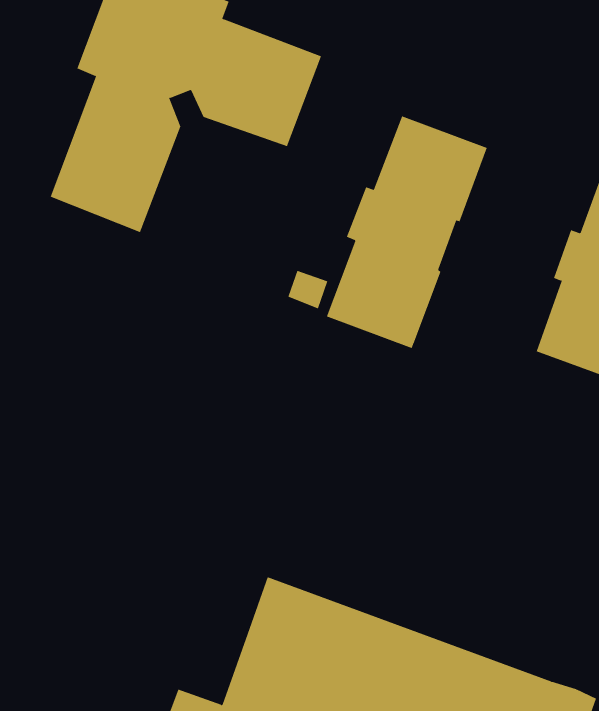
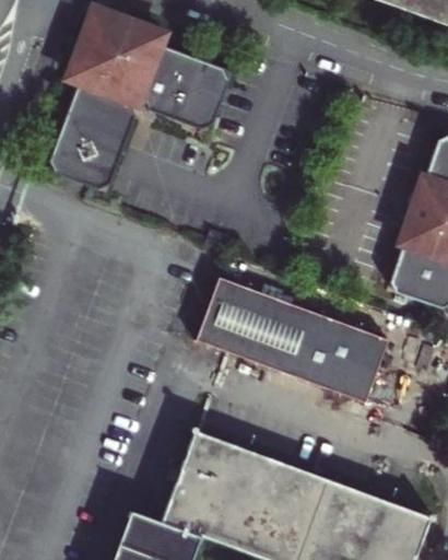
building: [326,115,487,349] -> none
building: none -> [199,278,389,399]

